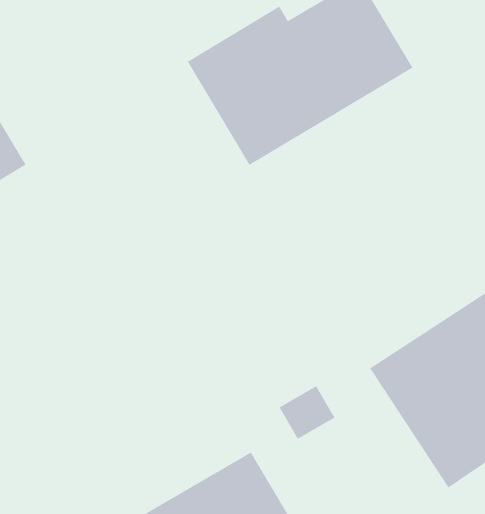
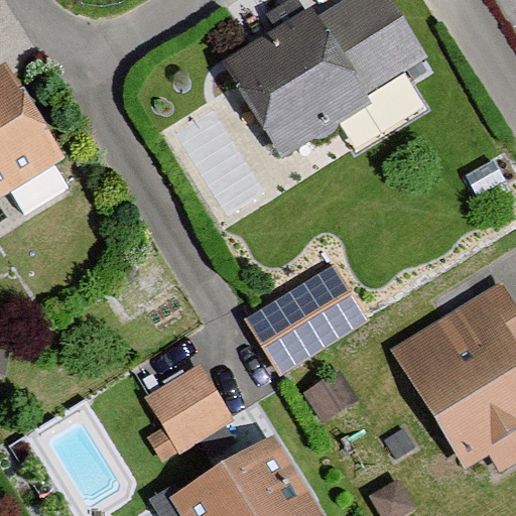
building: none -> [247,265,369,376]
building: none -> [142,361,235,452]

